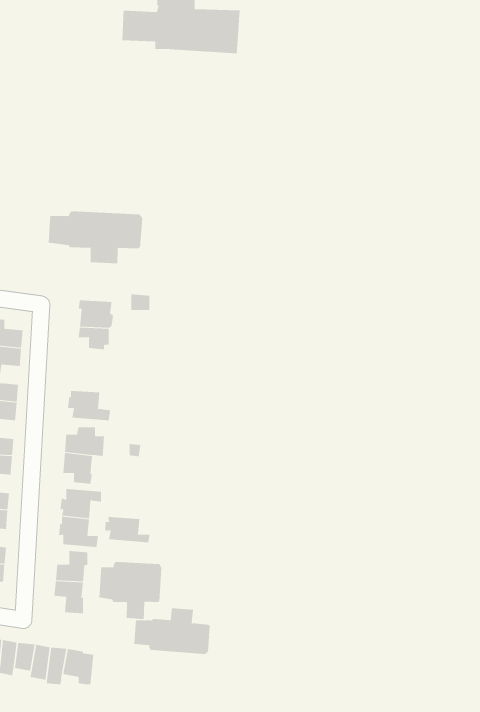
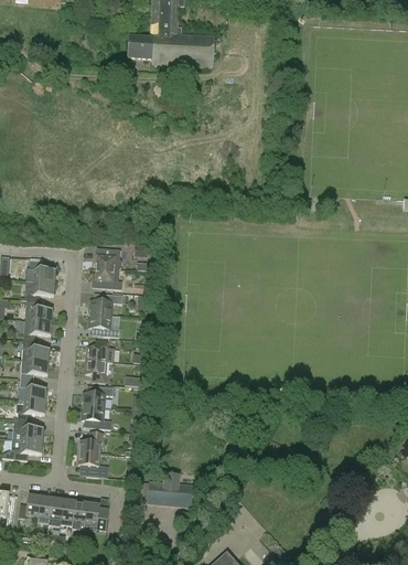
building: [48,211,143,264] -> none
building: none -> [88,292,121,315]
building: [105,516,150,543] -> none
building: [99,561,162,620] -> none

